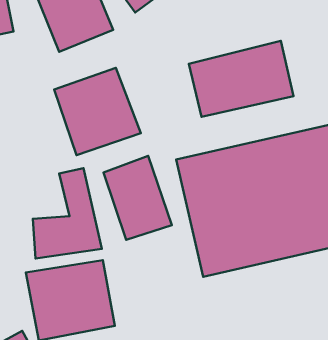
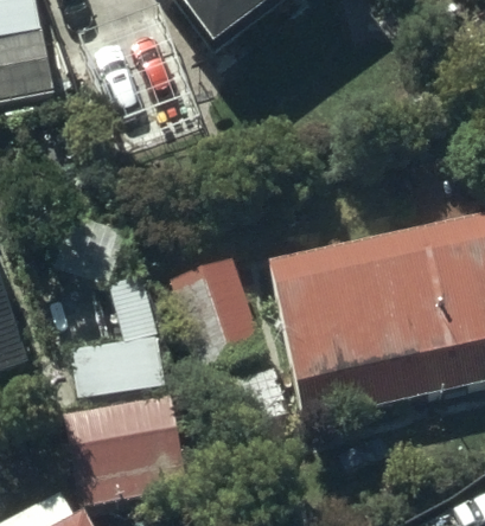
building: [189,41,293,117] -> none
building: [54,68,141,155] -> none

